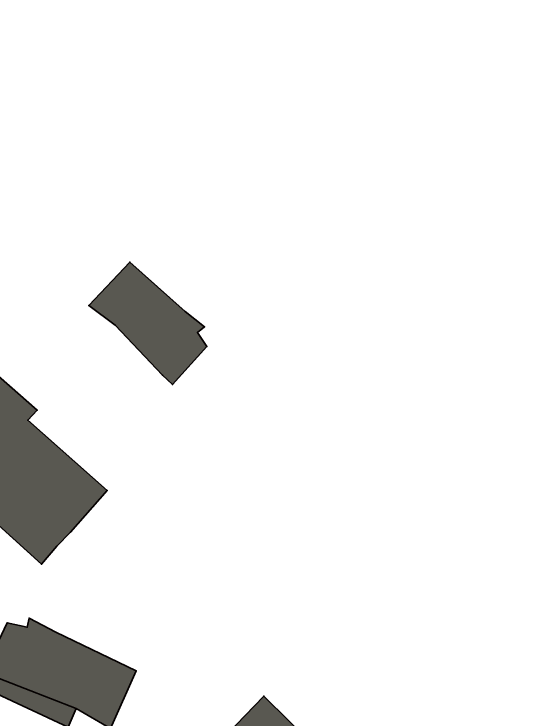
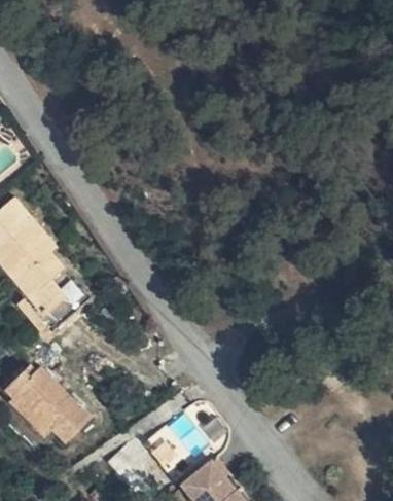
building: [89,262,207,385] -> none

